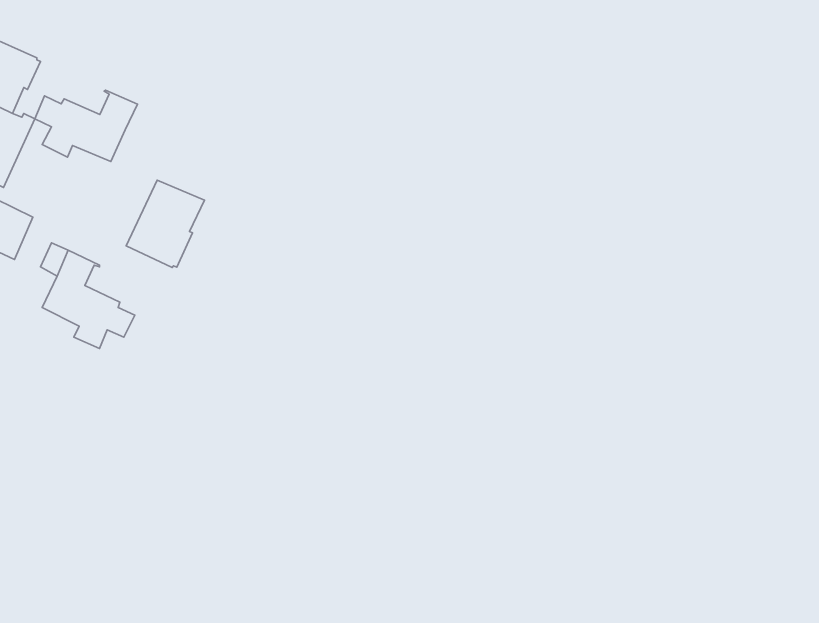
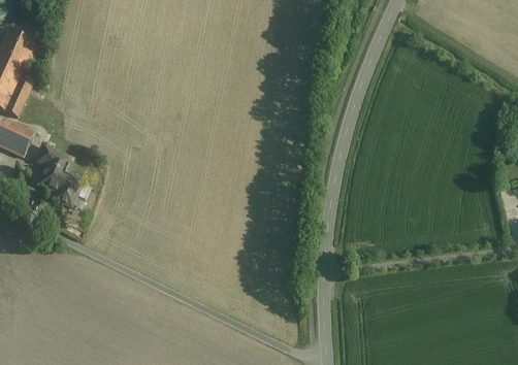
building: [35,90,138,162] -> none
building: [126,180,205,268] -> none

